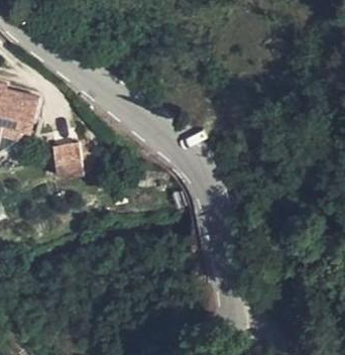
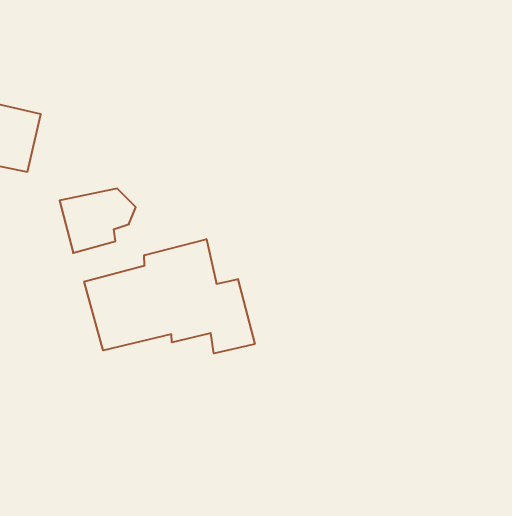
building: none -> [84,239,255,353]

